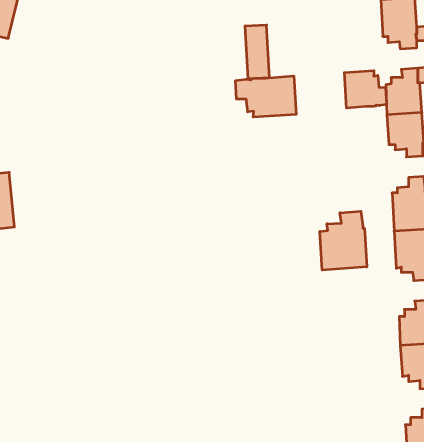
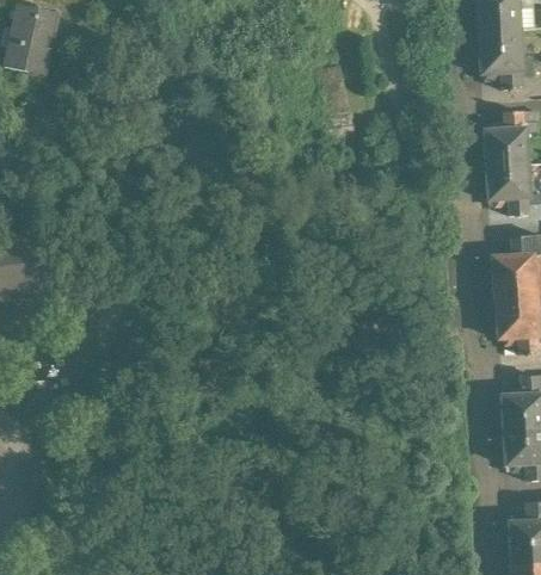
building: [344,71,387,108] -> none
building: [236,76,296,117] -> none
building: [320,211,367,270] -> none

